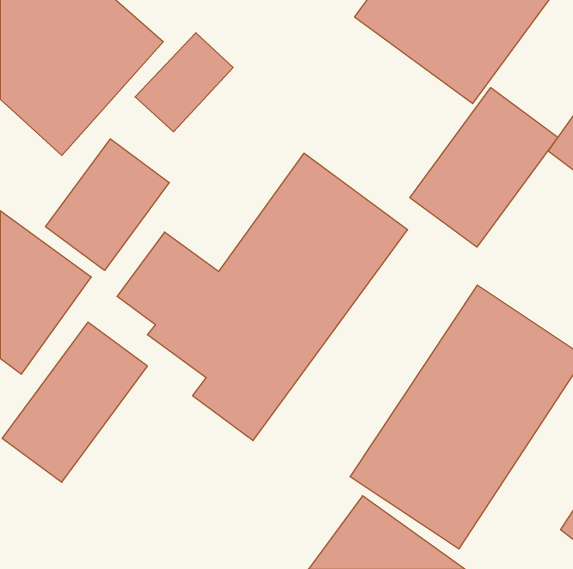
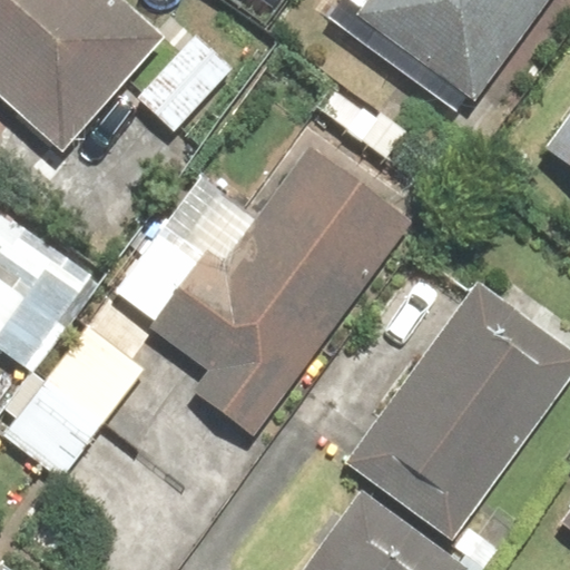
building: [410,88,558,247] -> none
building: [46,139,169,270] -> none

